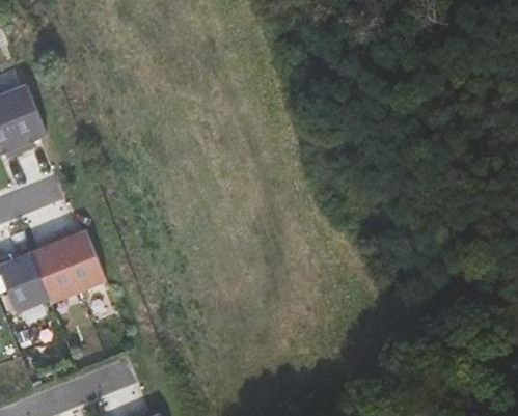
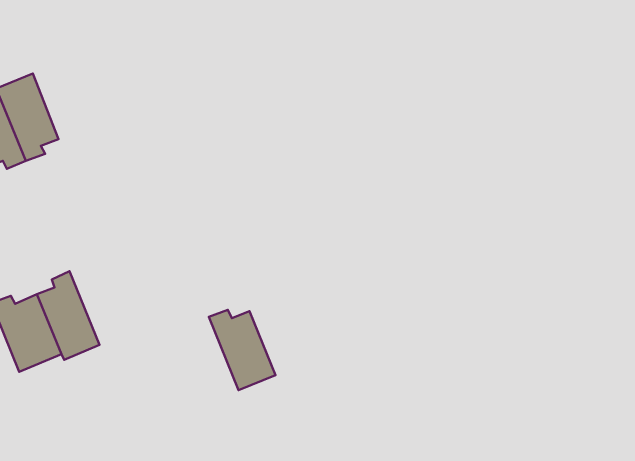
building: [54,230,105,292] -> [209,310,275,390]

